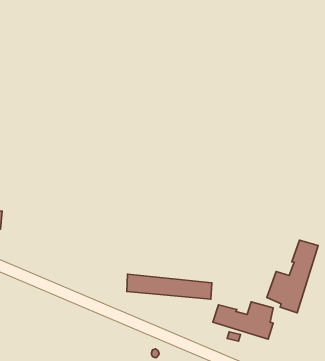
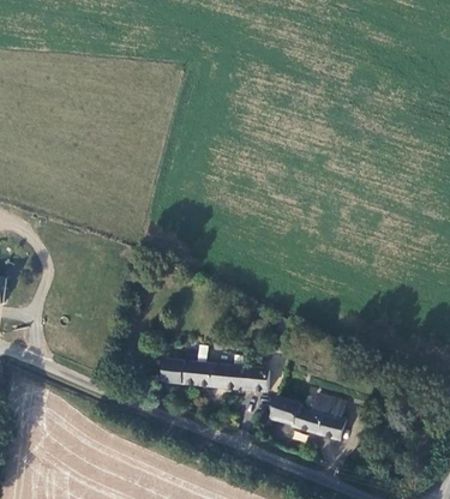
building: [267,240,318,313] -> none

